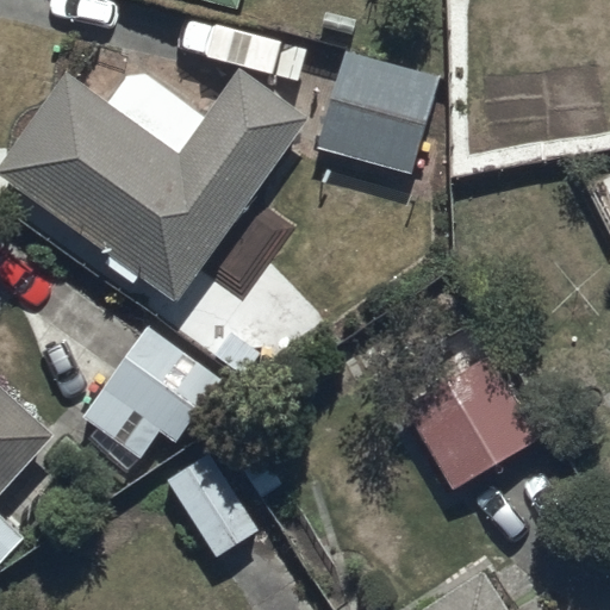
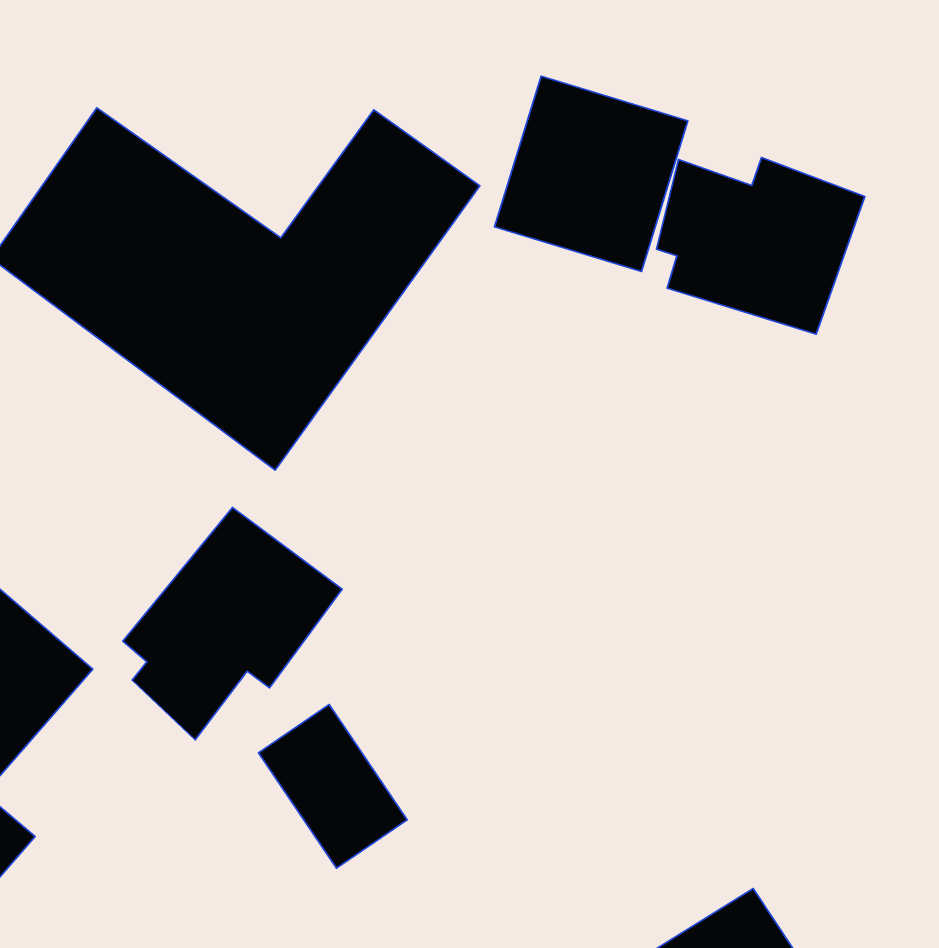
building: none -> [656,158,865,334]
building: [402,353,536,488] -> none

